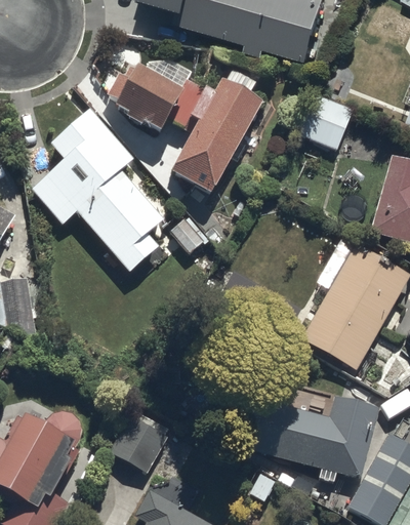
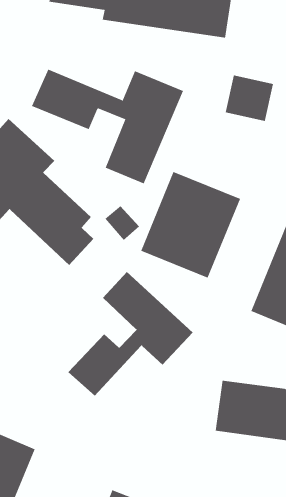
building: none -> [141,171,241,278]
building: none -> [68,271,193,397]
building: [109,420,163,472] -> none

